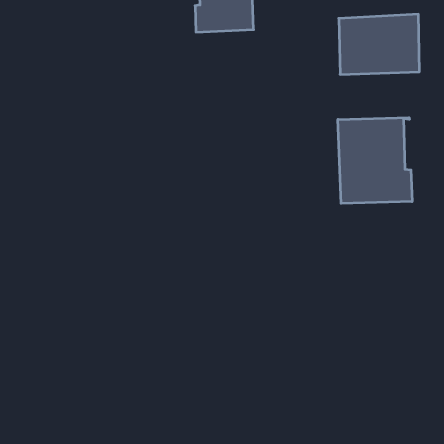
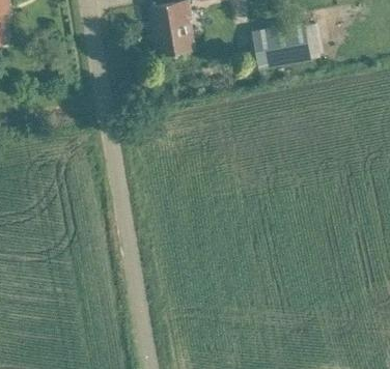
building: [338,118,412,203] -> none

